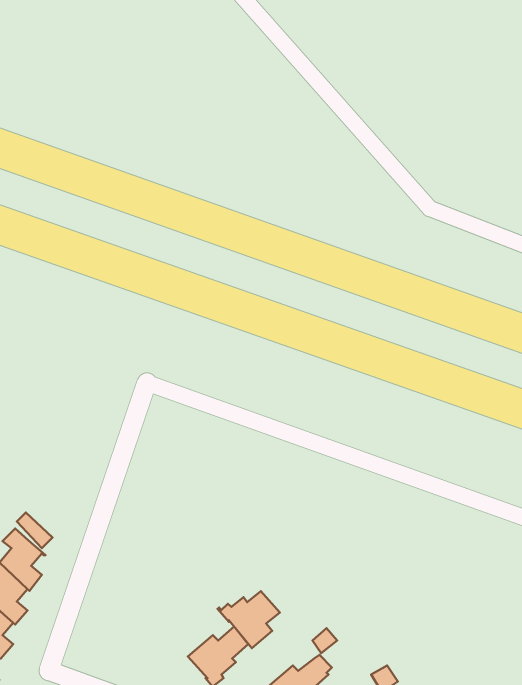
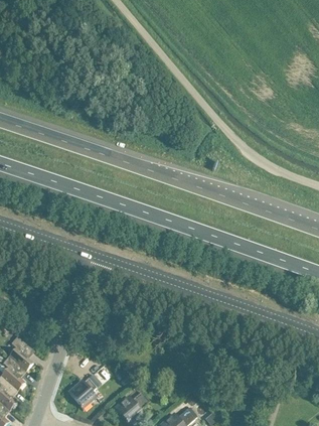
building: [218,591,280,648] -> none
building: none -> [67,379,95,410]

